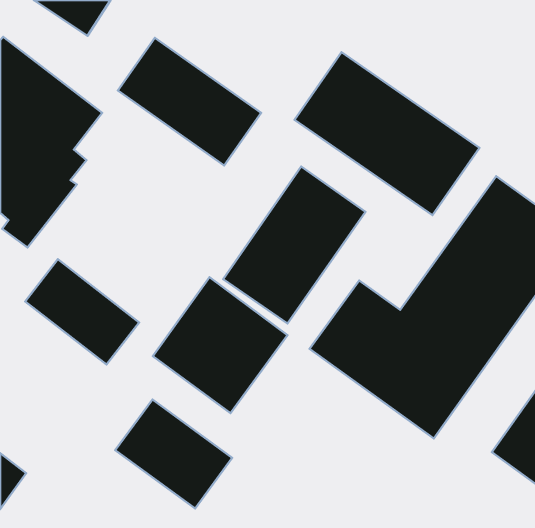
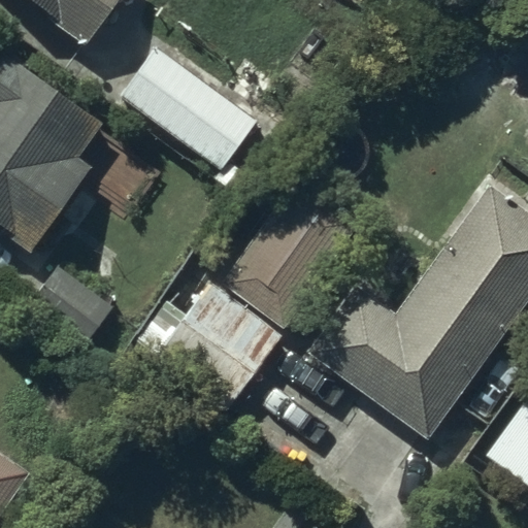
building: [295,52,479,215] -> none
building: [115,399,232,509] -> none

